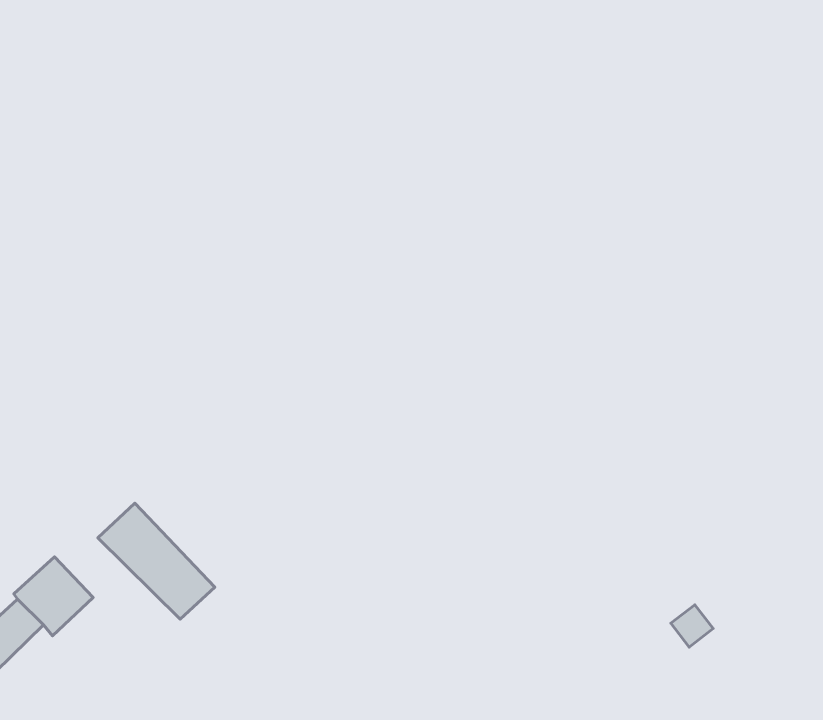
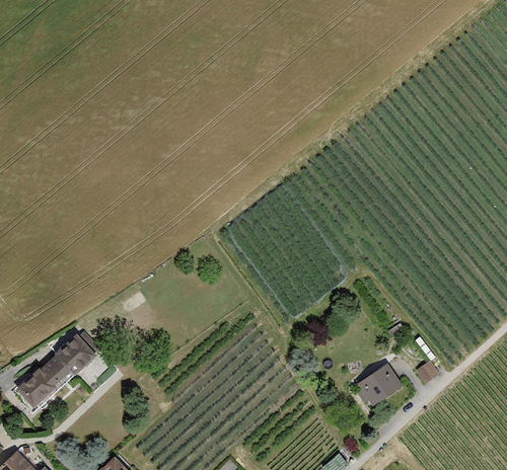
building: [98,503,215,619] -> none
building: none -> [358,365,403,406]

